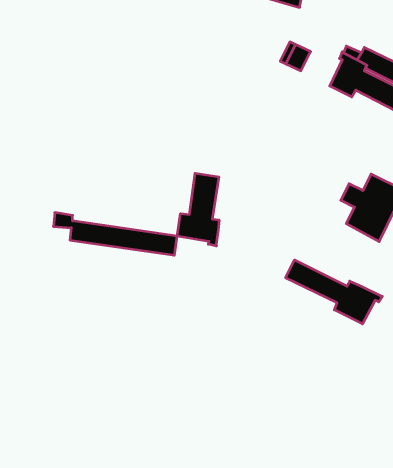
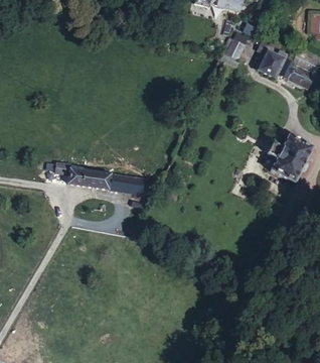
building: [177,173,219,246] -> none
building: [286,260,382,324] -> none

